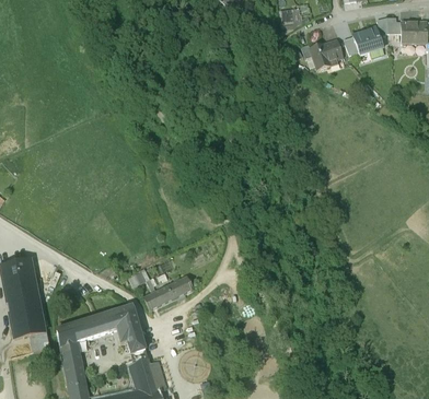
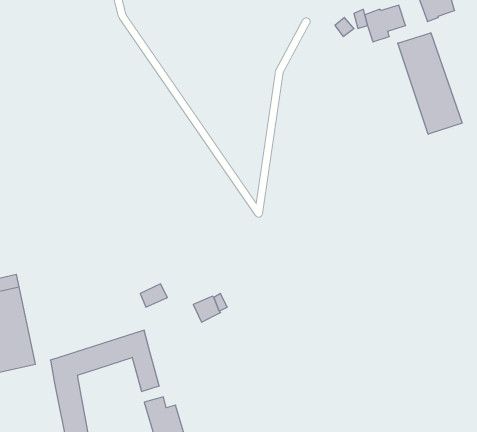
building: none -> [398,33,462,134]
building: [143,283,178,310] -> none

